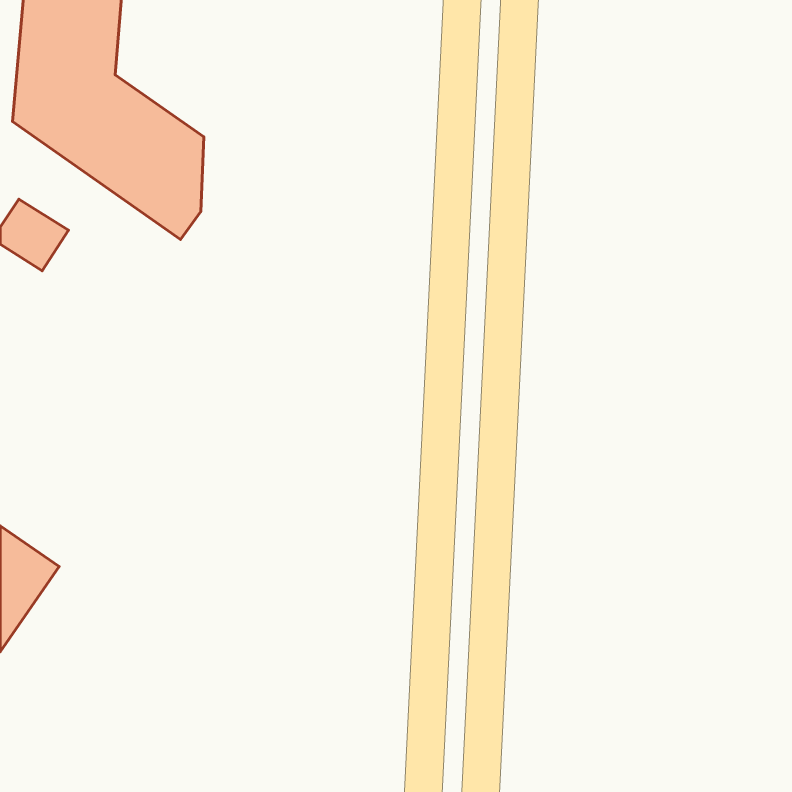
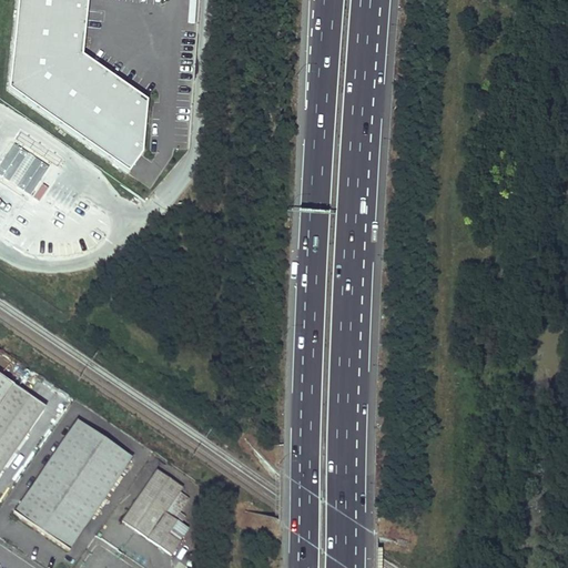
building: none -> [14,418,132,548]
building: none -> [119,467,187,552]

